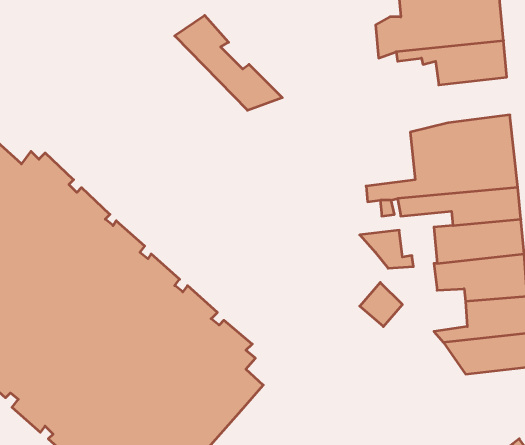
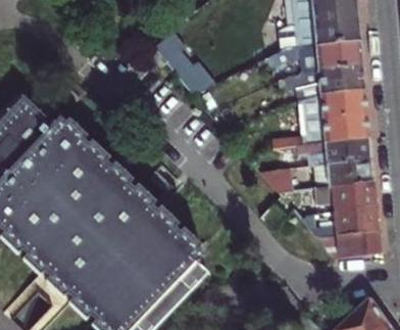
building: none -> [281,67,363,103]

